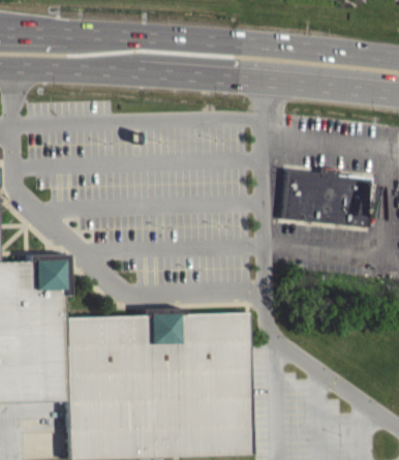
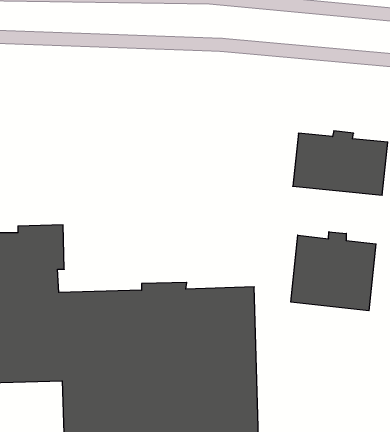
building: none -> [291,232,376,311]

